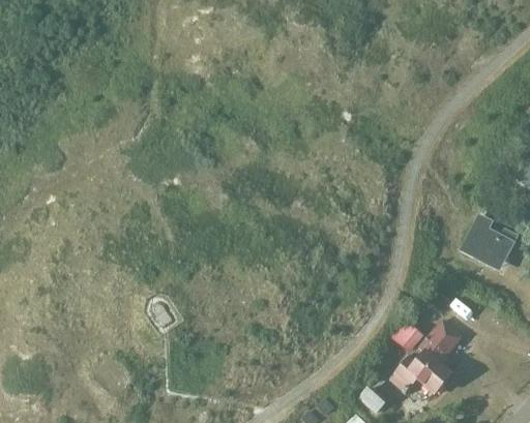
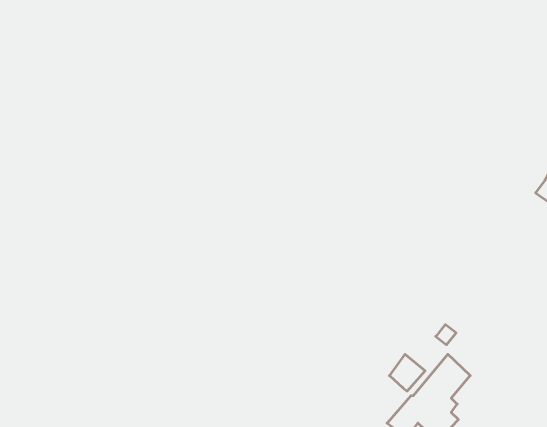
building: [460,215,517,261] -> none

